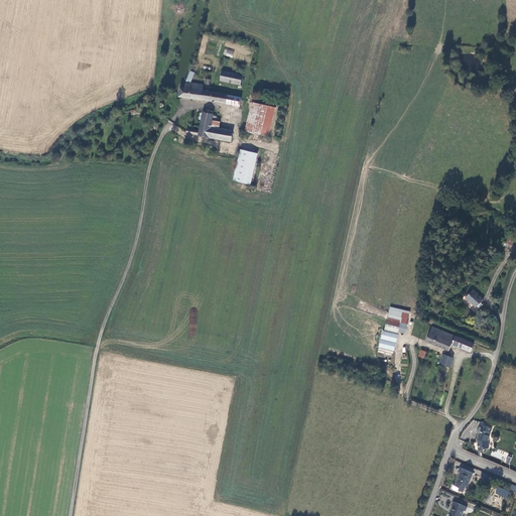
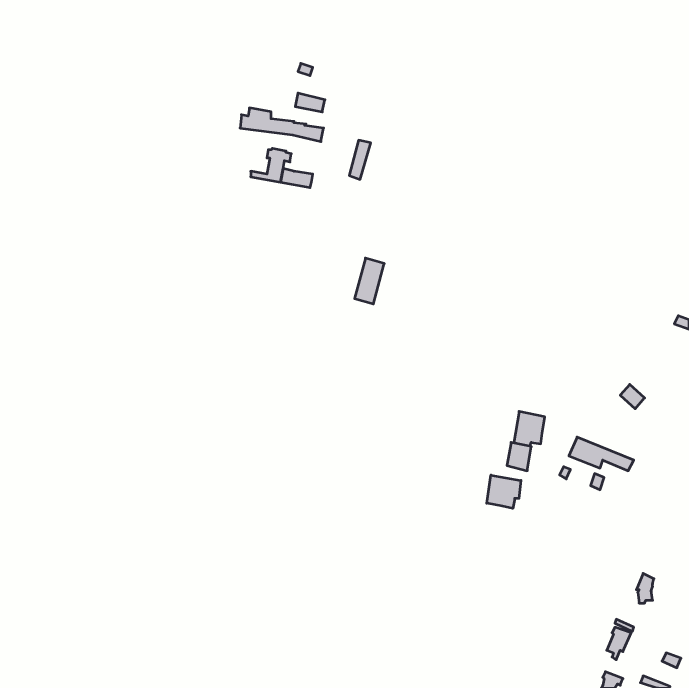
building: [247,101,268,131] -> none
building: [236,149,258,183] -> [355,258,384,304]
building: none -> [487,475,521,508]

